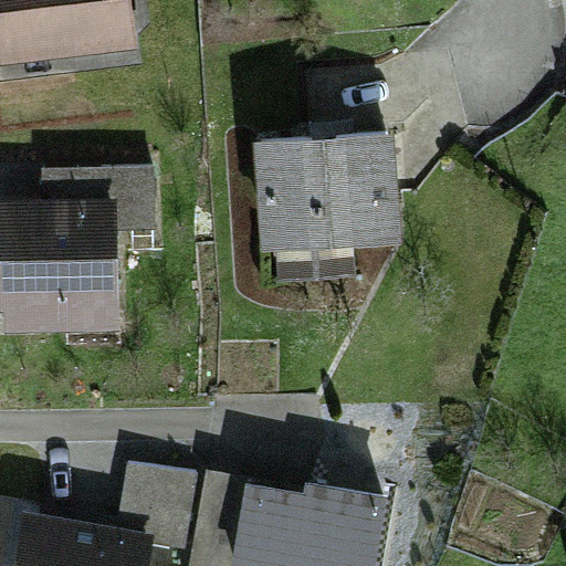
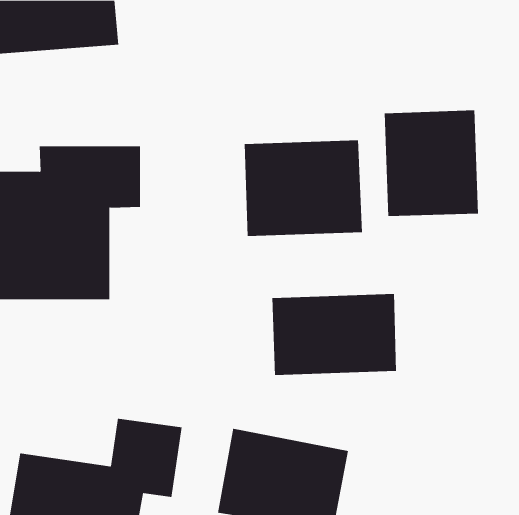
building: none -> [384,110,479,217]
building: none -> [272,293,396,376]

